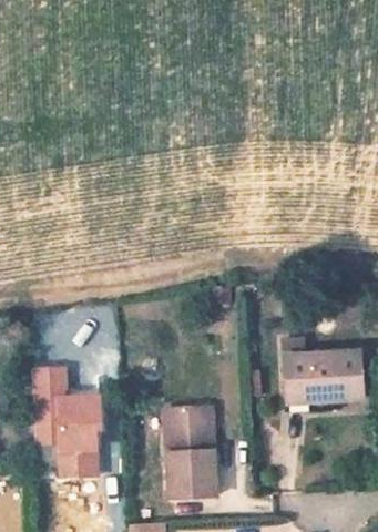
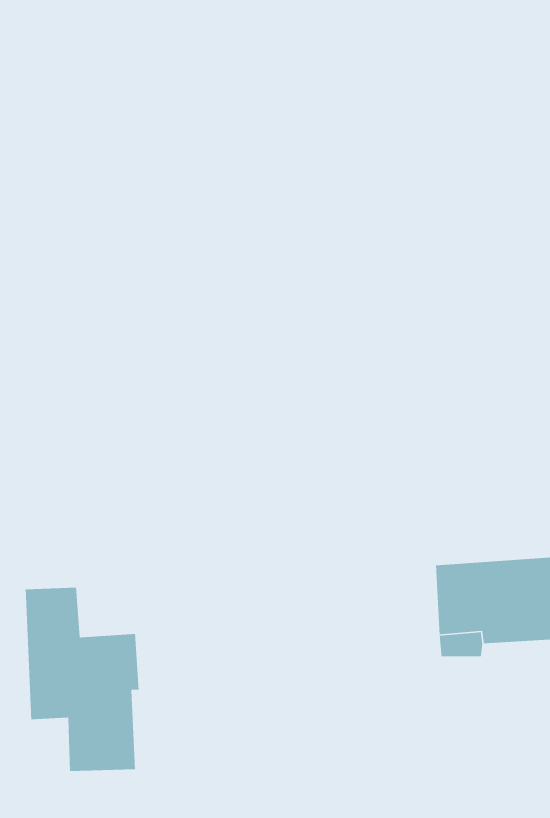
building: [167,401,218,493] -> none

